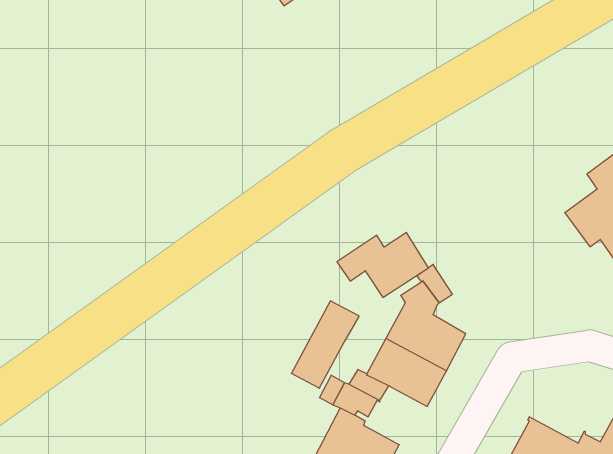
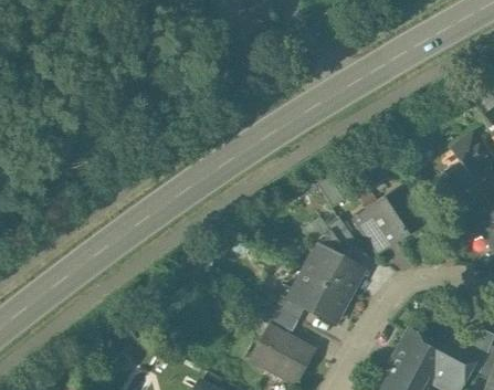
building: [337,232,429,297] -> [355,197,423,245]
building: [292,301,359,388] -> none

